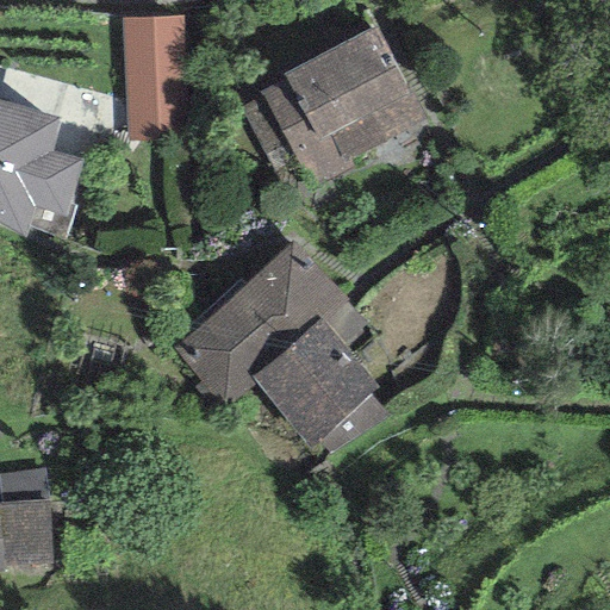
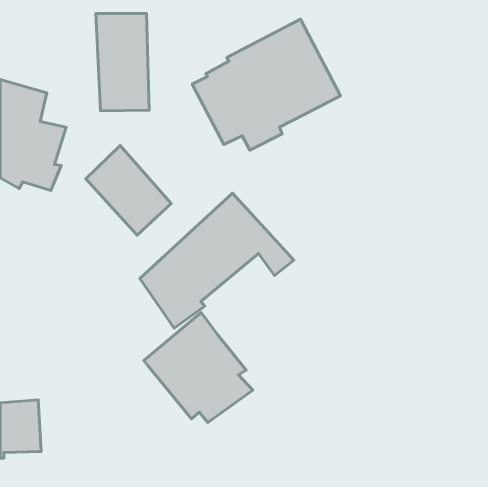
building: none -> [86,145,171,235]
building: [251,316,387,453] -> [144,313,253,423]

